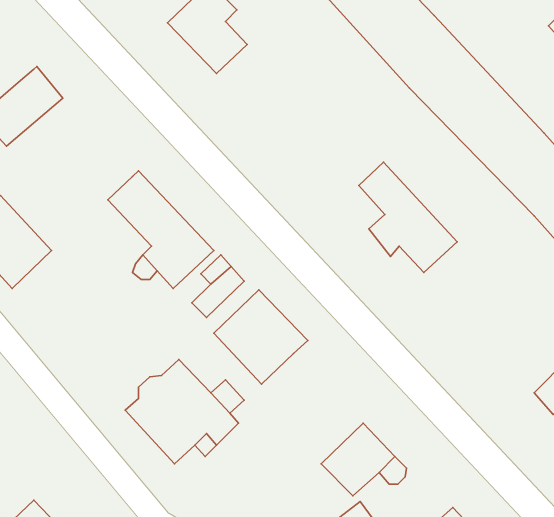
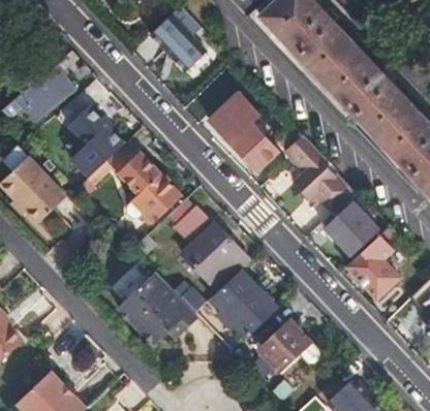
building: none -> [207,90,277,169]
building: none -> [67,104,123,176]
building: none -> [324,201,376,254]
building: none -> [345,224,406,296]
building: none -> [208,268,275,336]

